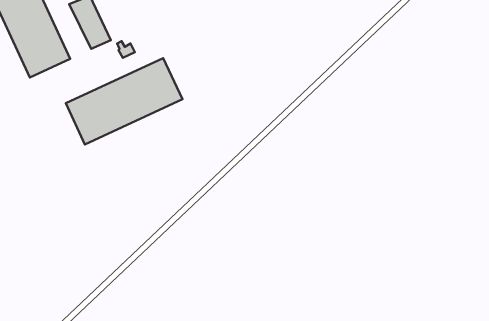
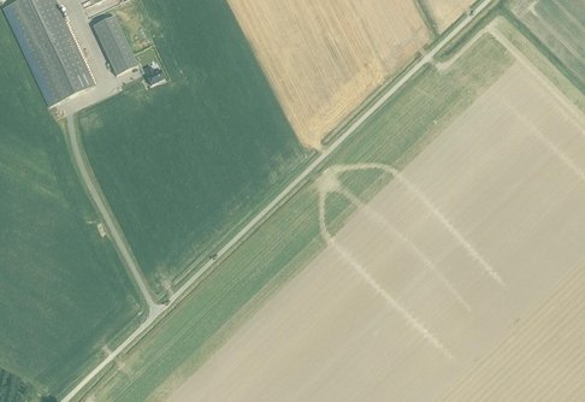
building: [66,58,182,144] -> none

